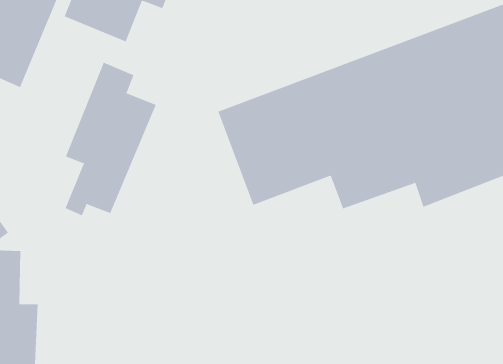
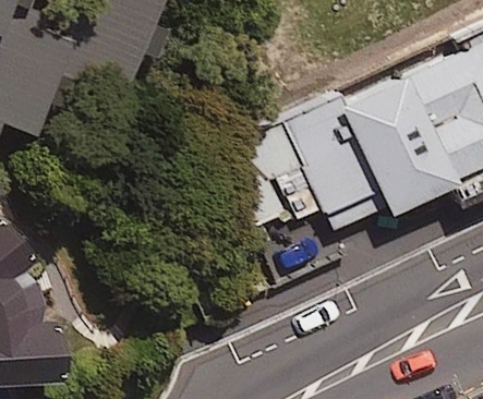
building: [65,62,156,216] -> none

